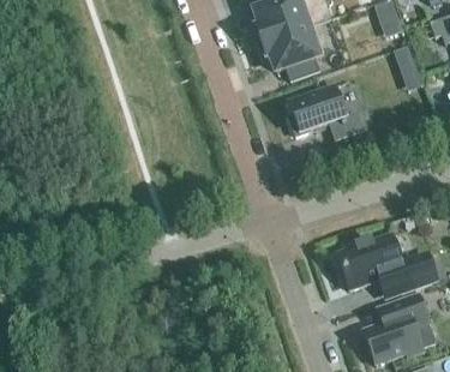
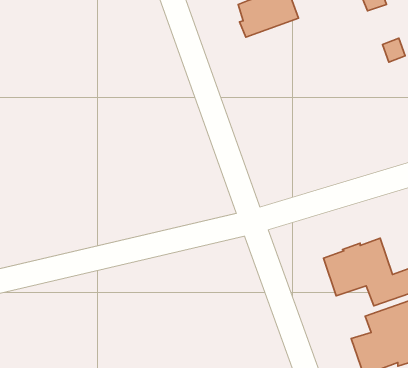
building: [263,24,324,80] -> none
building: [288,85,362,139] -> none

